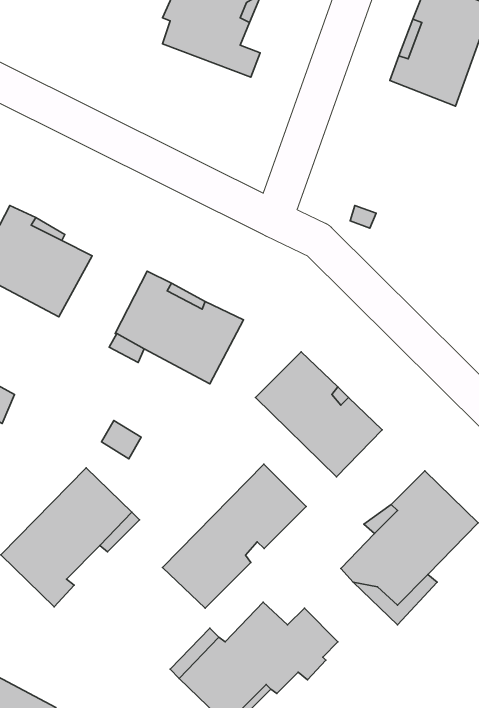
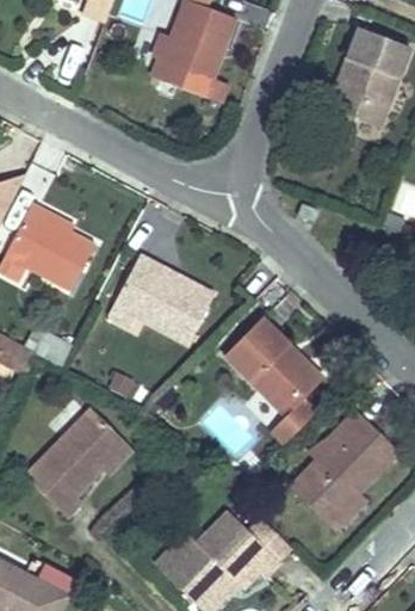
building: [162,464,306,608] -> none

